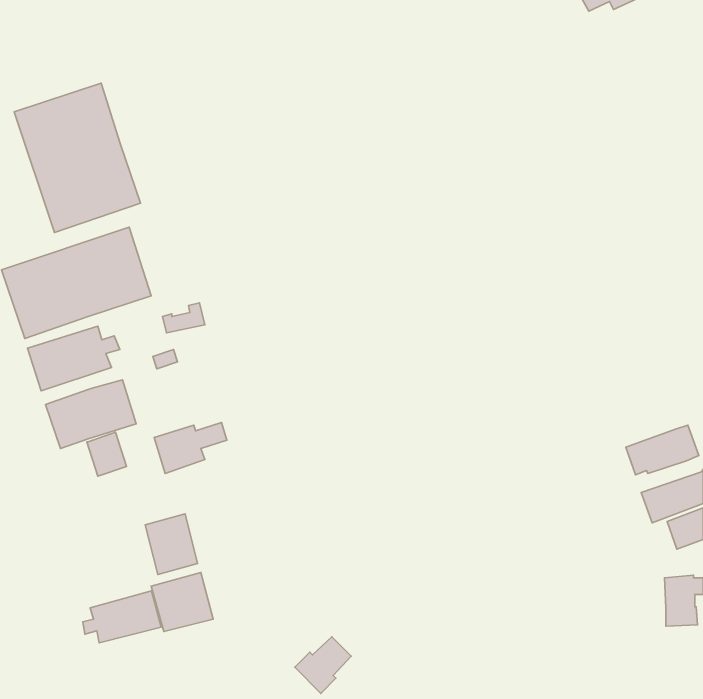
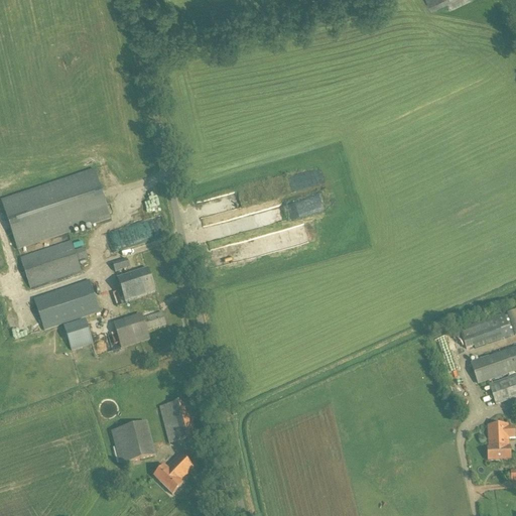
building: [14,83,141,233] -> none
building: none -> [117,266,156,300]
building: [145,514,198,574] -> [159,397,198,441]
building: [83,591,161,643] -> none
building: [295,637,351,693] -> [153,452,195,493]

